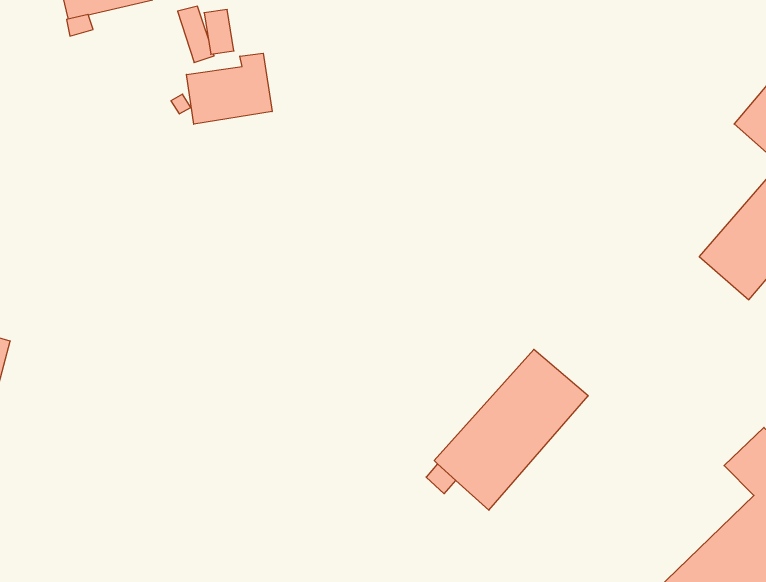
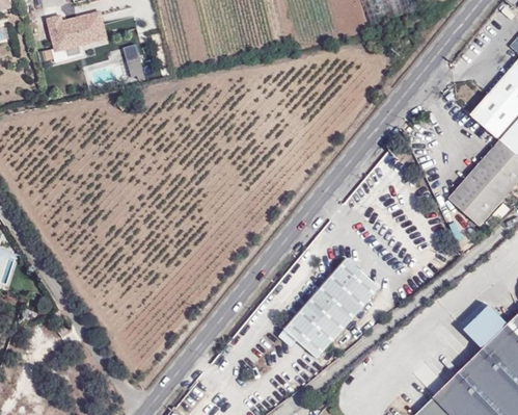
building: [186,53,272,124] -> none

